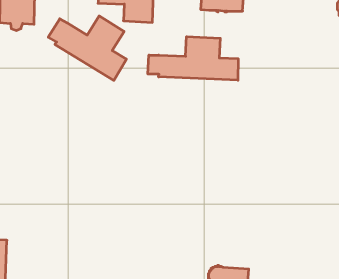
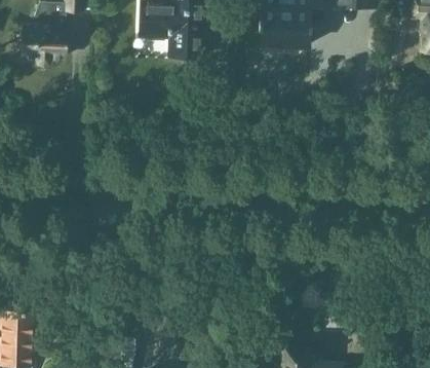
building: [48,16,126,80] -> none
building: [148,37,238,80] -> none

